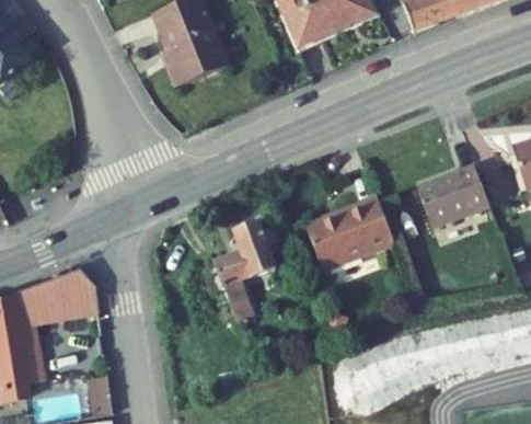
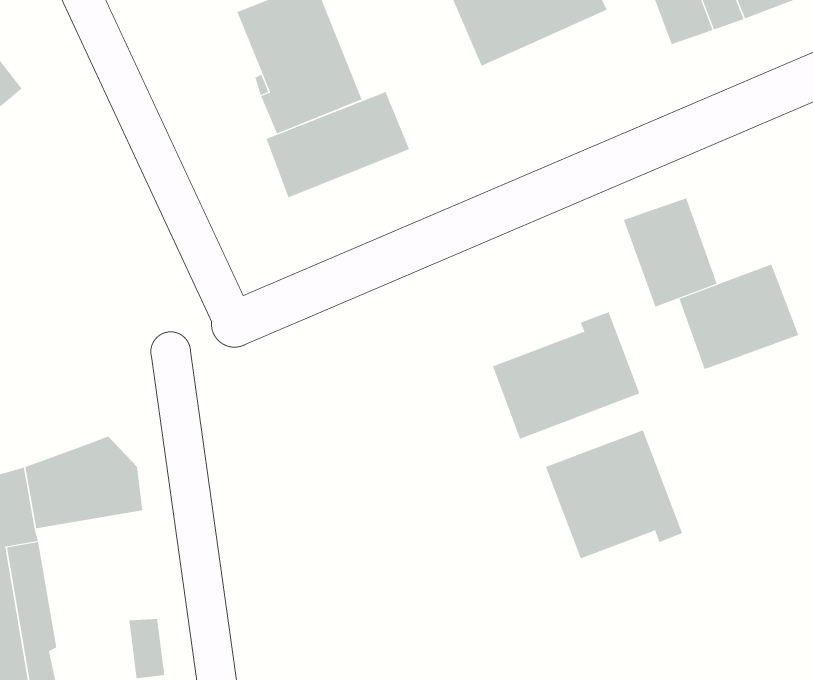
building: none -> [266,91,410,198]
building: none -> [623,198,718,307]
building: [215,220,278,320] -> none
building: none -> [545,429,683,559]

